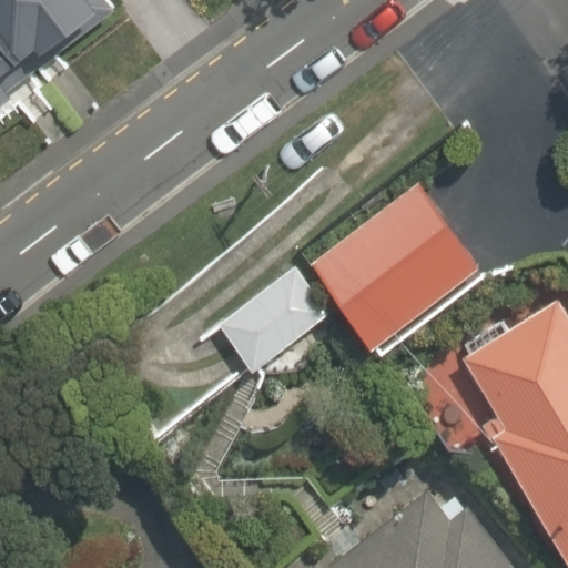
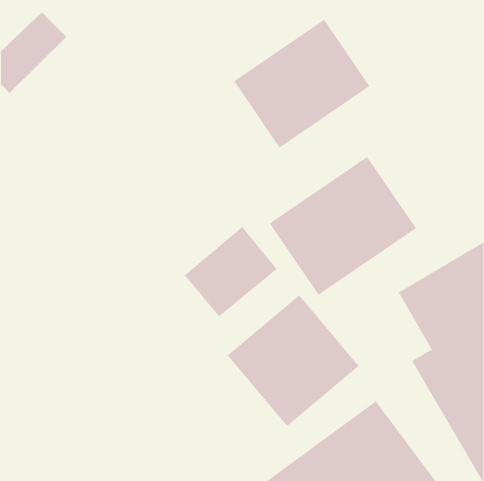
building: none -> [233,19,370,148]
building: none -> [227,294,360,427]

